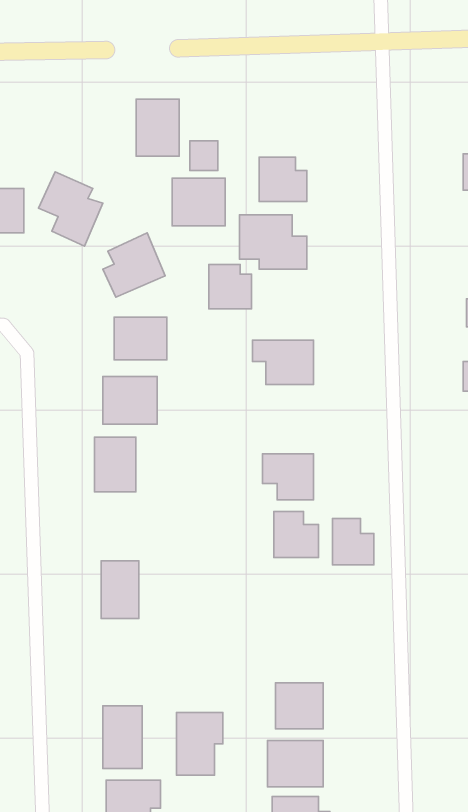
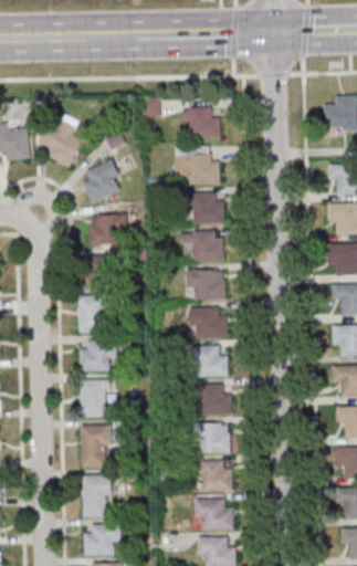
building: [136,99,179,156] -> none
building: [172,178,225,226] -> none
building: [209,264,252,309] -> [196,192,224,222]
building: none -> [188,269,225,298]
building: none -> [80,340,116,370]
building: [333,519,374,565] -> [203,382,231,413]
building: none -> [203,422,230,452]
building: [177,712,223,775] -> [81,426,112,468]

